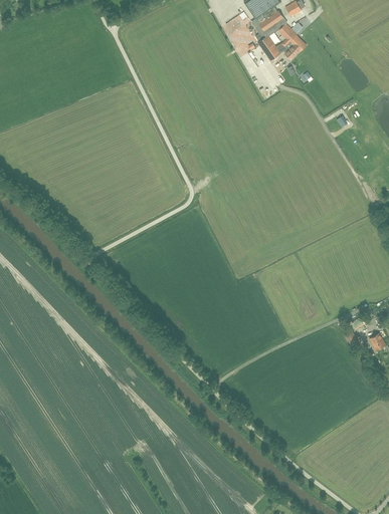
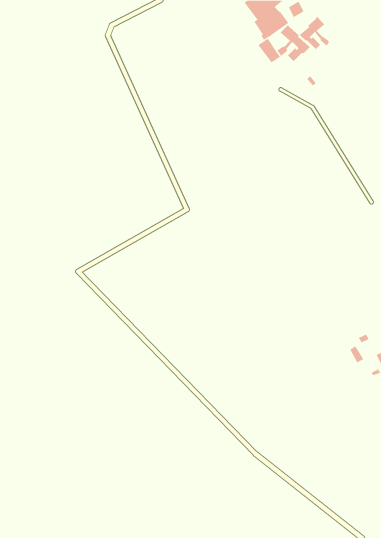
building: none -> [299,16,330,50]

